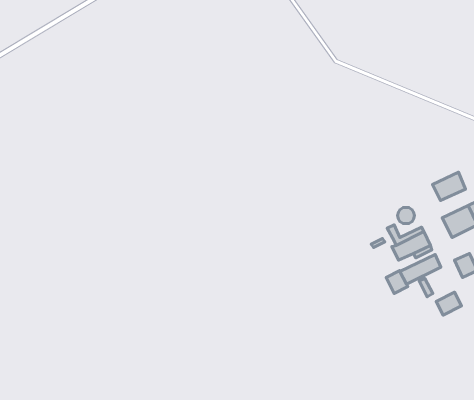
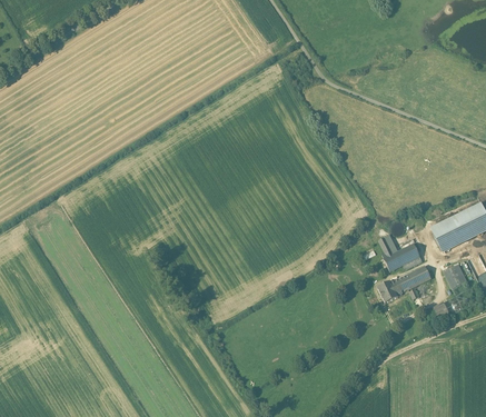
building: [433,172,466,201] -> none

